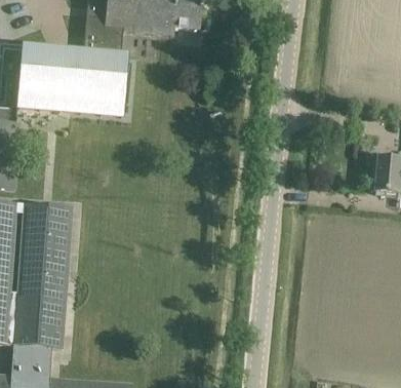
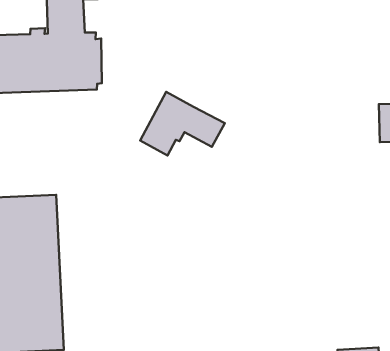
building: none -> [140,92,225,155]

